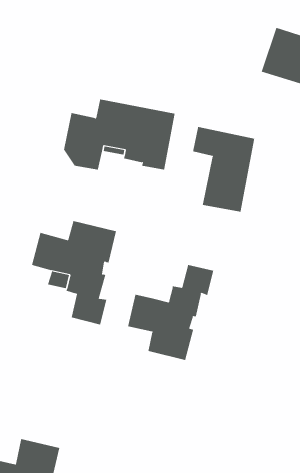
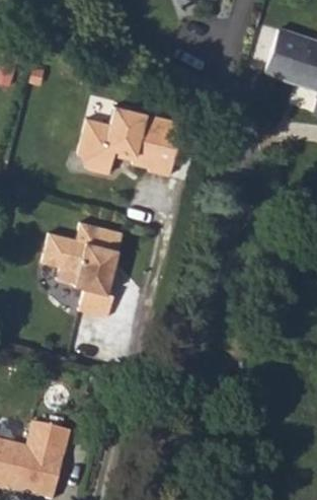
building: [193,126,255,213] -> none
building: [128,264,214,361] -> none

